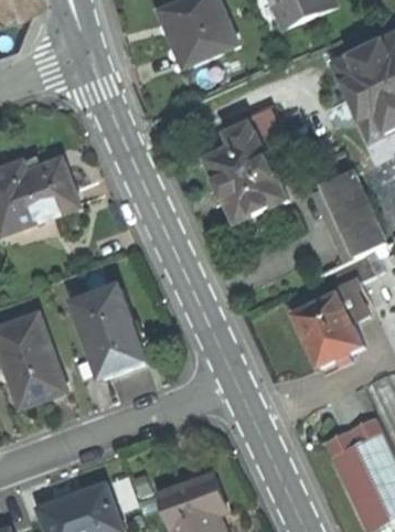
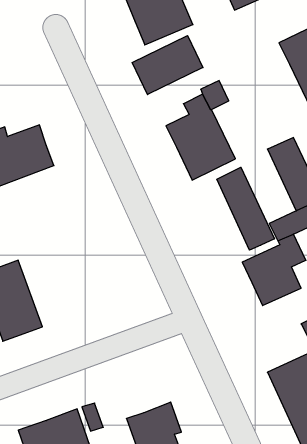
building: none -> [132,36,203,95]
building: none -> [217,167,274,250]
building: [75,287,146,375] -> none

